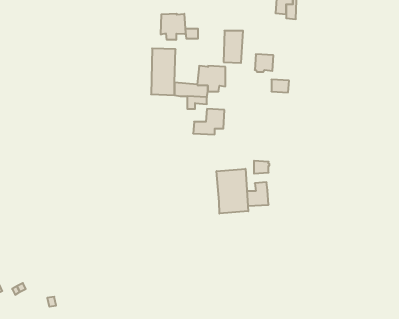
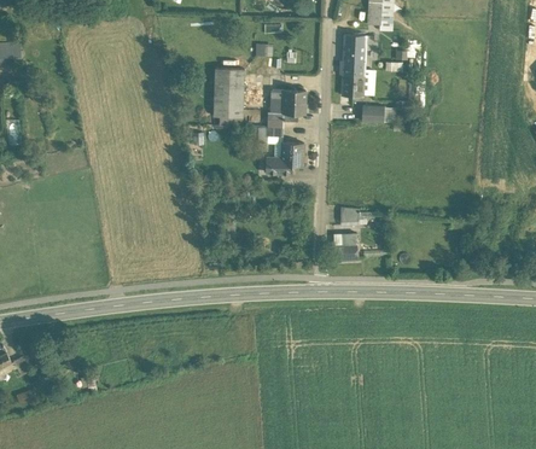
building: [161,14,186,40] -> none
building: [224,31,243,63] -> [343,36,367,76]
building: [217,169,248,214] -> none

